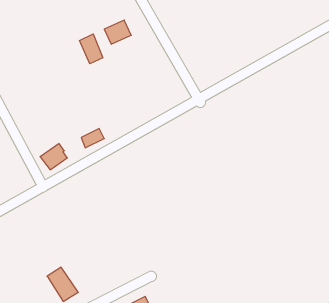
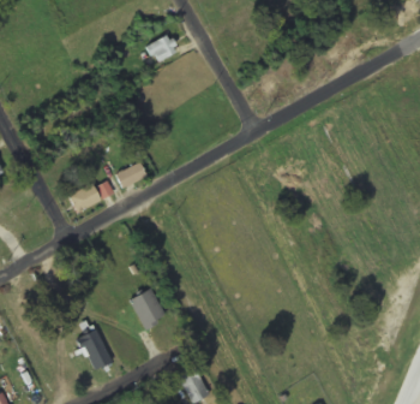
building: [79,34,103,64] -> none
building: none -> [130,287,166,327]

